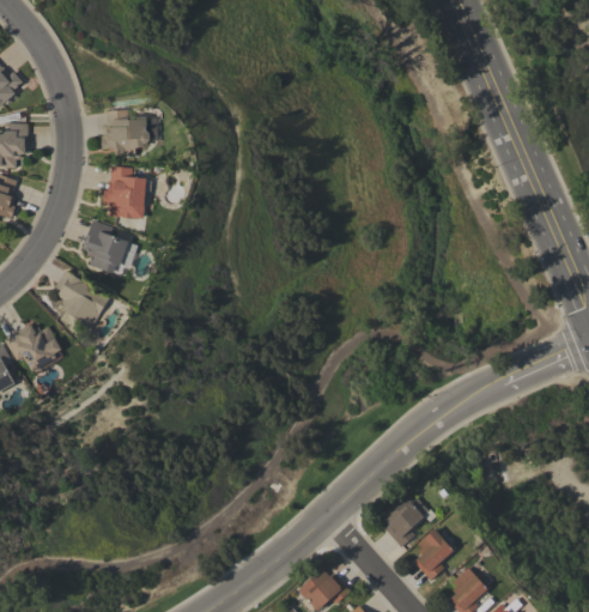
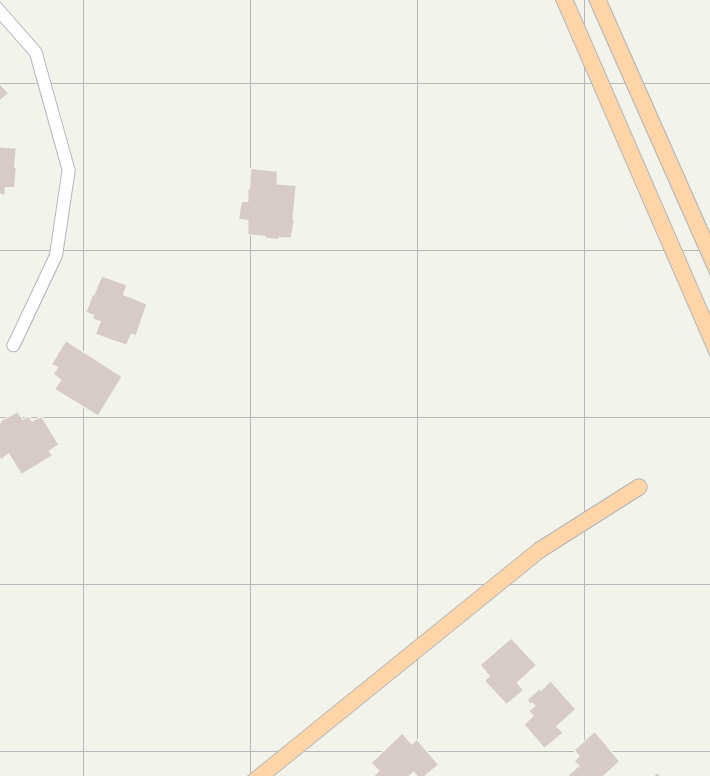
building: [102,109,150,156] -> none
building: [102,165,146,219] -> [238,168,296,239]

